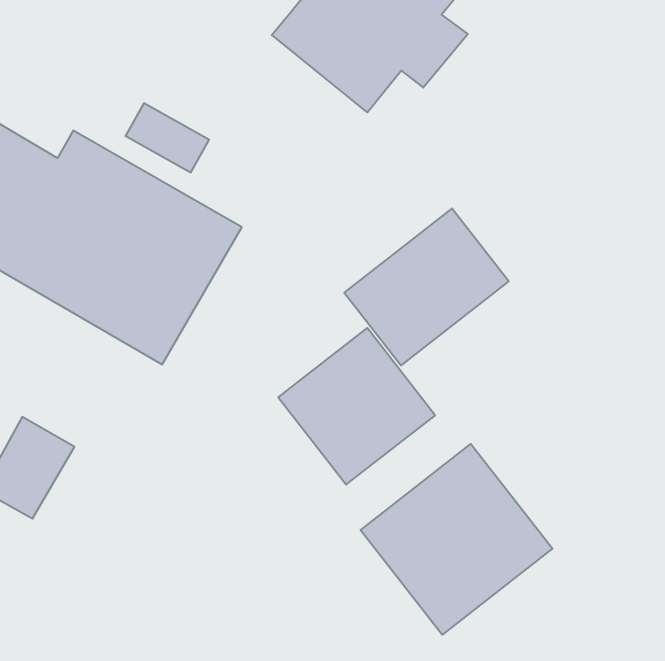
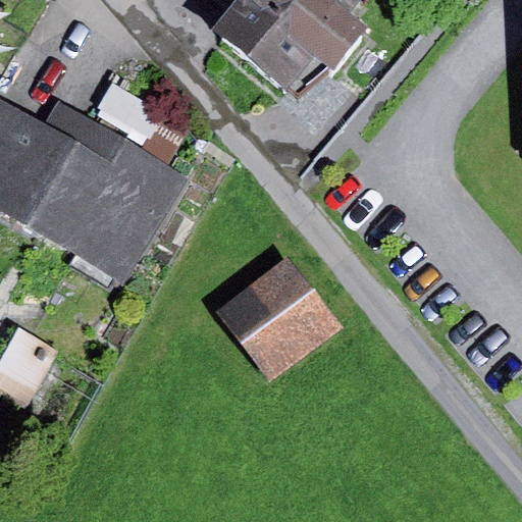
building: [344,208,509,365] -> none
building: [361,444,552,635] -> none

